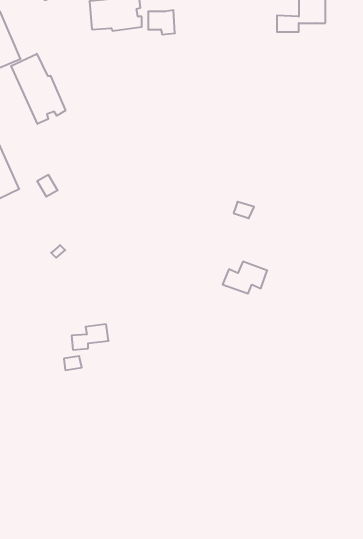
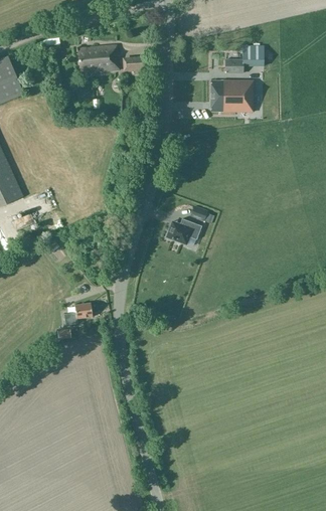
building: none -> [210,79,253,112]
building: [11,54,65,124] -> none
building: [223,262,267,294] -> [166,218,201,243]

